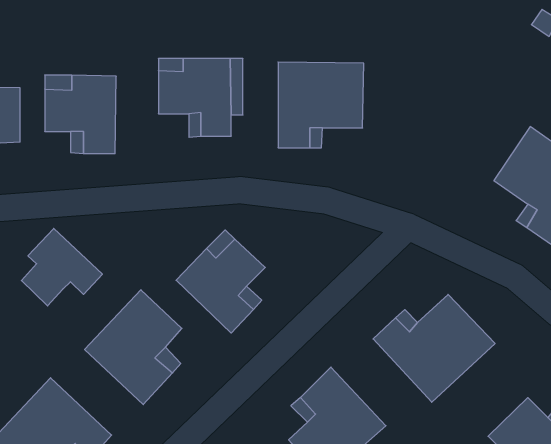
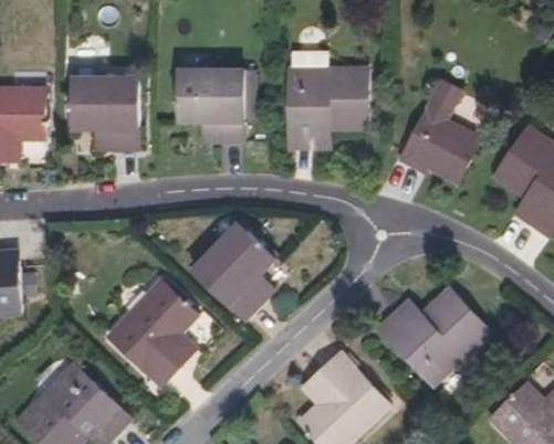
building: none -> [396,82,480,186]
building: [21,228,102,306] -> none

